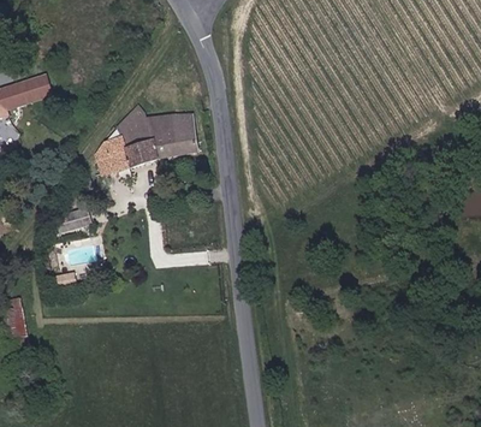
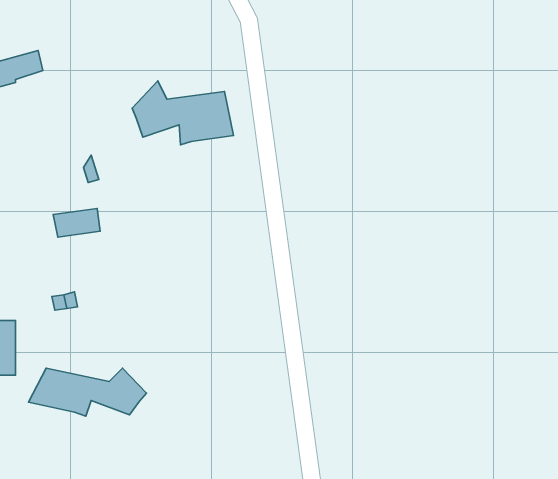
building: [95,135,156,172] -> none
building: none -> [28,368,146,416]

